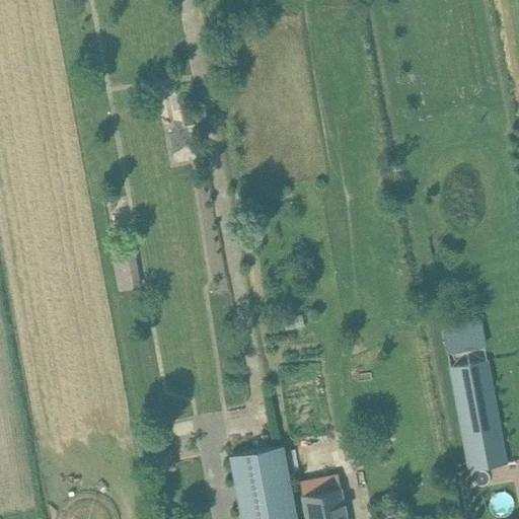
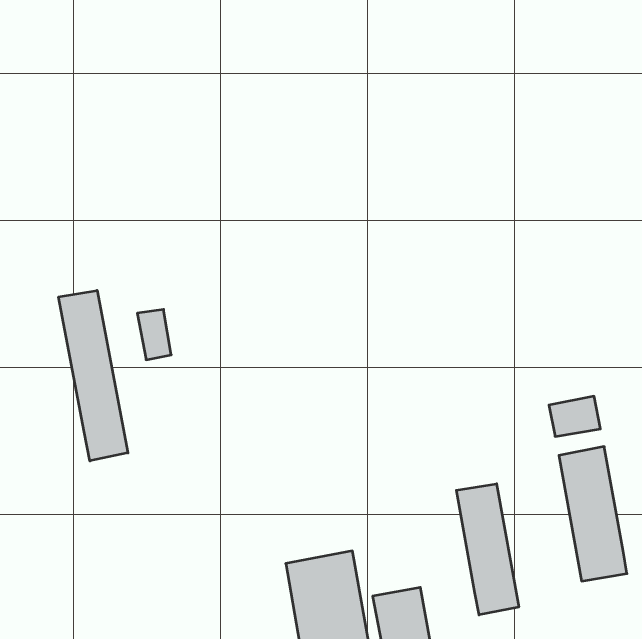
building: none -> [59,290,128,461]
building: none -> [456,484,519,615]

